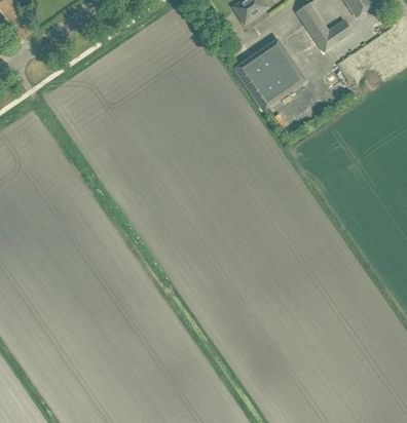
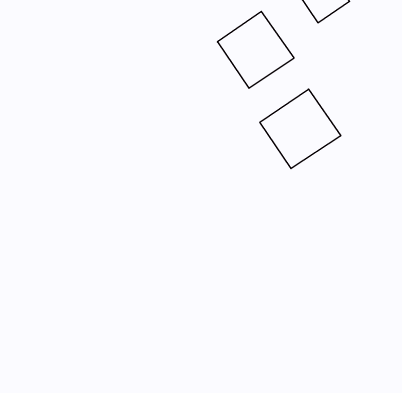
building: none -> [260,89,341,169]

